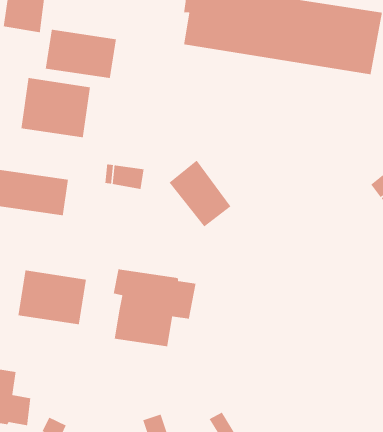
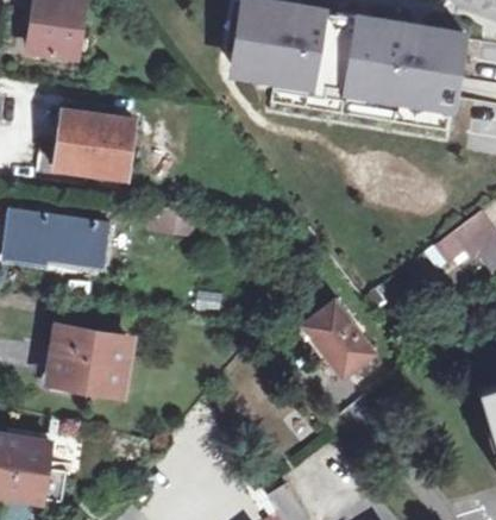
building: [45,29,117,79] -> none
building: [169,159,232,228] -> [303,302,375,380]
building: [113,268,197,347] -> none

